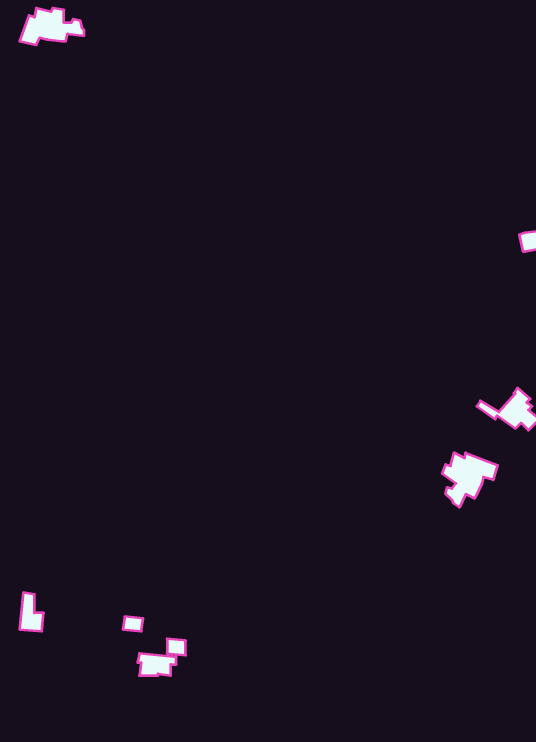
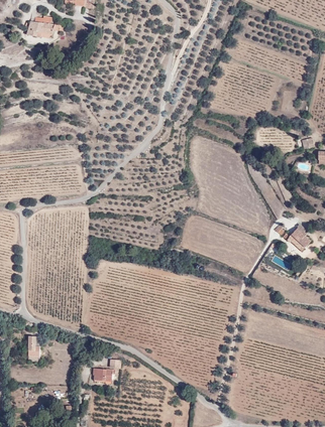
building: [442,453,498,507] -> none

